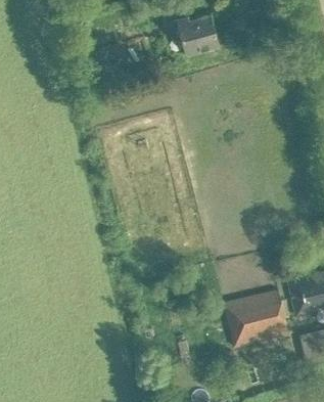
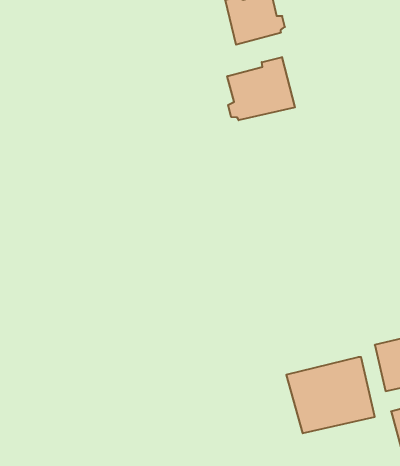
building: none -> [227,57,295,120]

